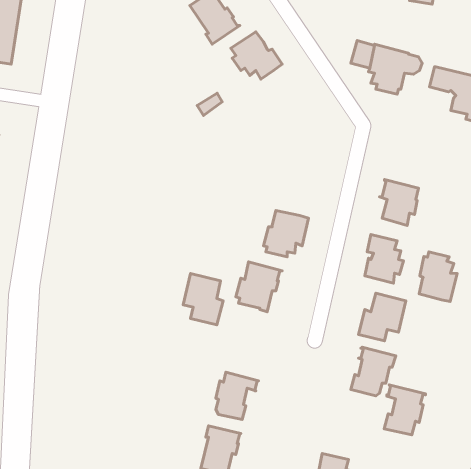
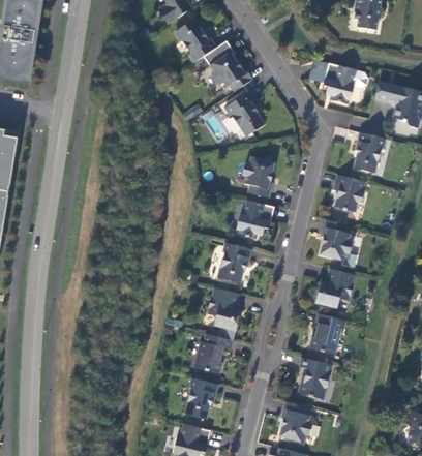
building: none -> [224,93,265,136]
building: none -> [354,132,386,174]
building: none -> [242,157,275,197]
building: [419,252,457,301] -> none
building: [183,273,223,325] -> [208,288,241,331]
building: [384,385,426,435] -> [298,358,332,399]

